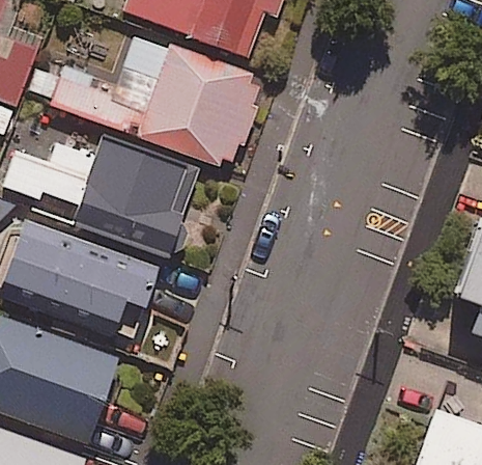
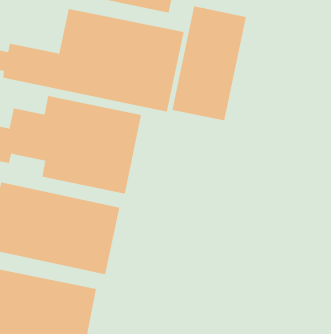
building: none -> [172,5,246,121]

